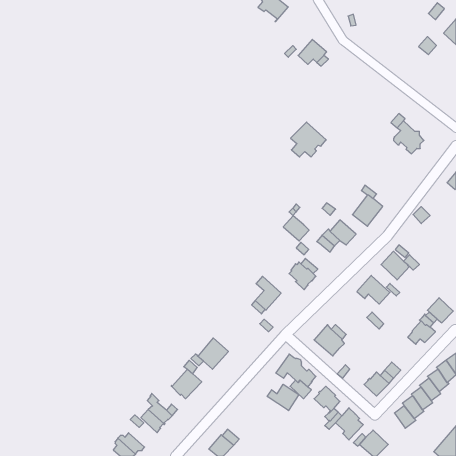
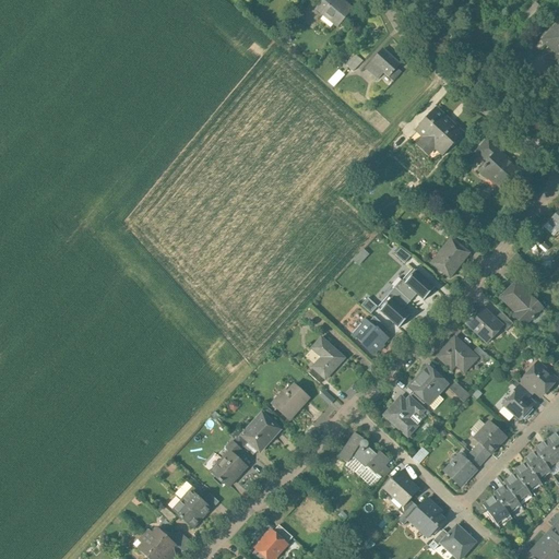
building: [291,122,326,157] -> [417,110,461,153]
building: [283,216,309,241] -> [379,297,411,328]
building: none -> [501,283,542,324]
building: none -> [408,366,447,404]
building: none -> [272,384,309,419]
building: none -> [474,421,506,452]
building: [267,384,299,411] -> none

